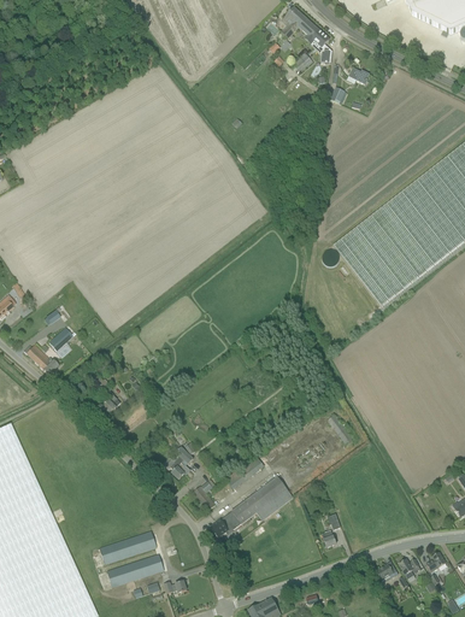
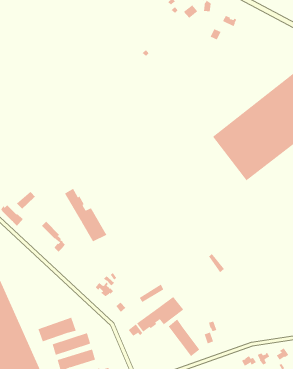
building: none -> [64,188,107,242]
building: none -> [37,317,76,342]
building: none -> [168,319,200,357]

